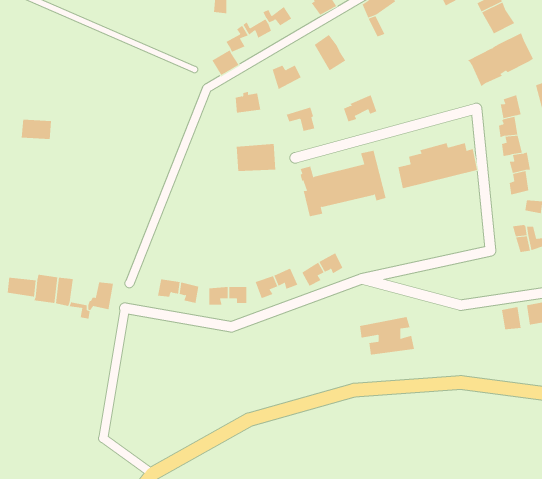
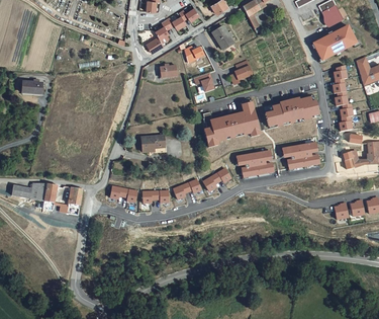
building: [236,143,276,171] -> [138,134,165,152]
building: none -> [284,142,319,167]
building: [359,317,415,355] -> [238,150,274,175]

